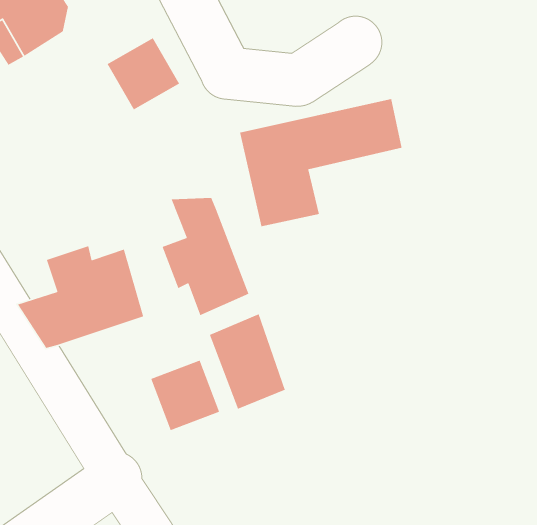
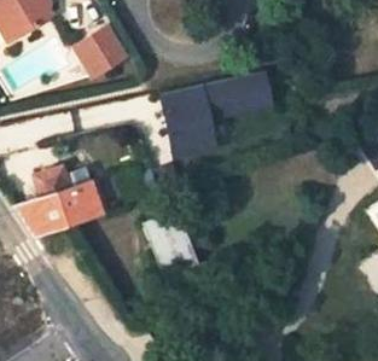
building: [162,197,249,316] -> none
building: [150,359,220,431] -> none

